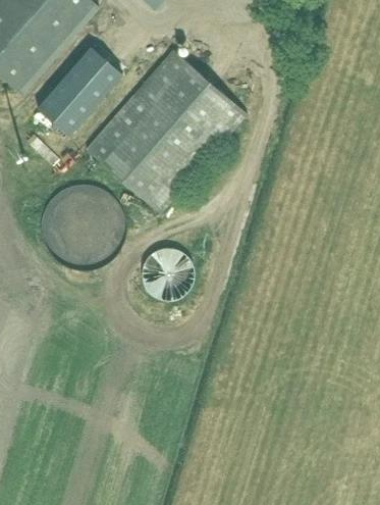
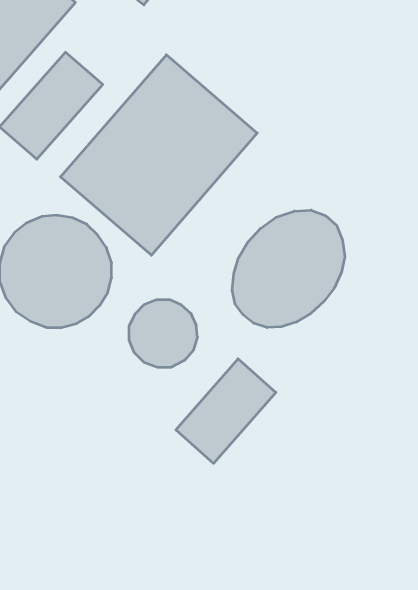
building: none -> [232,210,345,328]
building: none -> [176,359,276,463]

